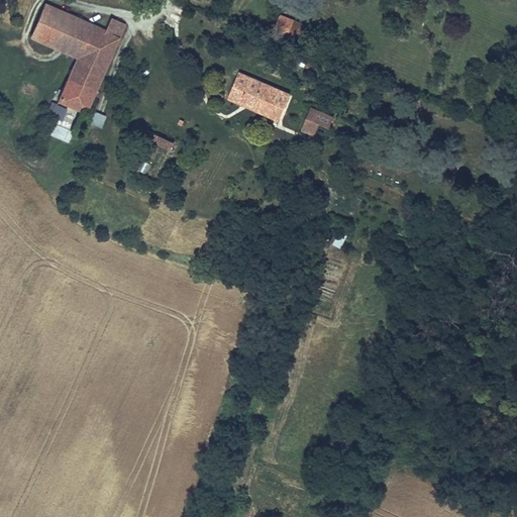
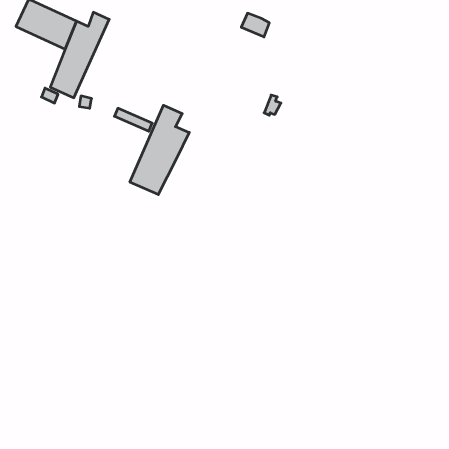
building: [231,74,291,119] -> none
building: none -> [130,105,189,195]

